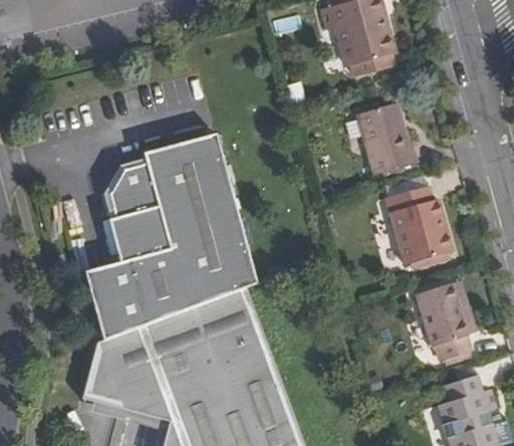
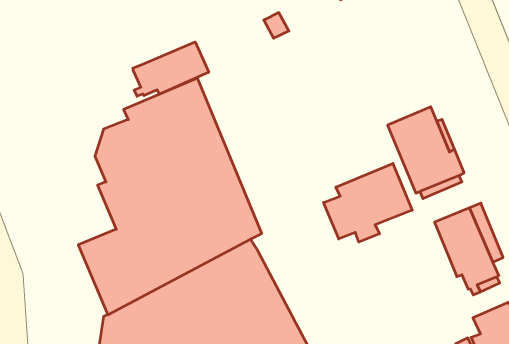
building: none -> [133,42,209,96]
building: [357,103,417,175] -> none
building: none -> [324,163,412,242]

